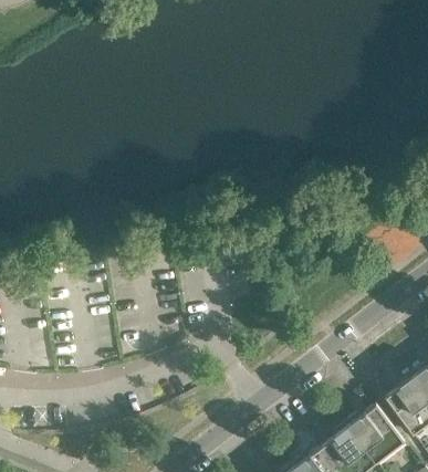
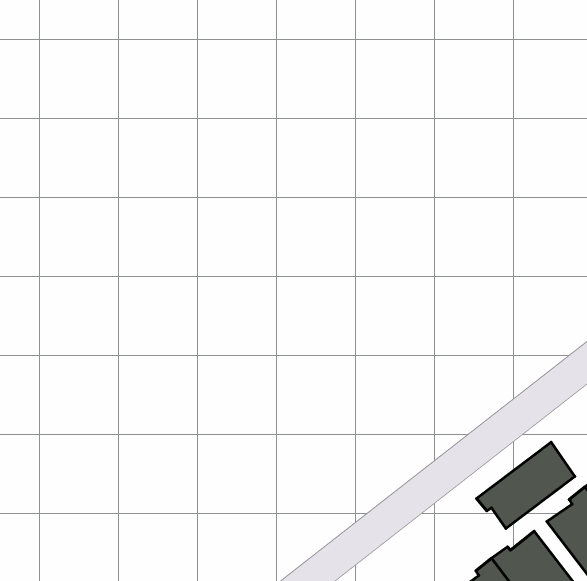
building: none -> [476,442,575,528]

